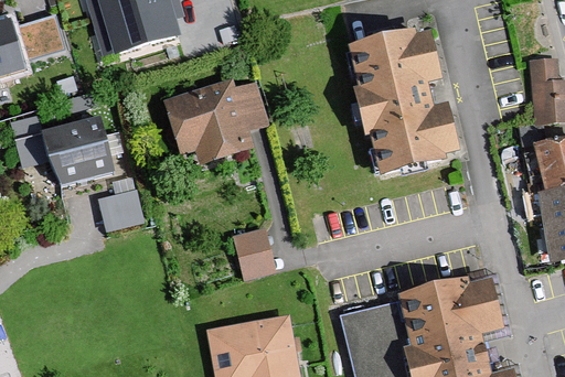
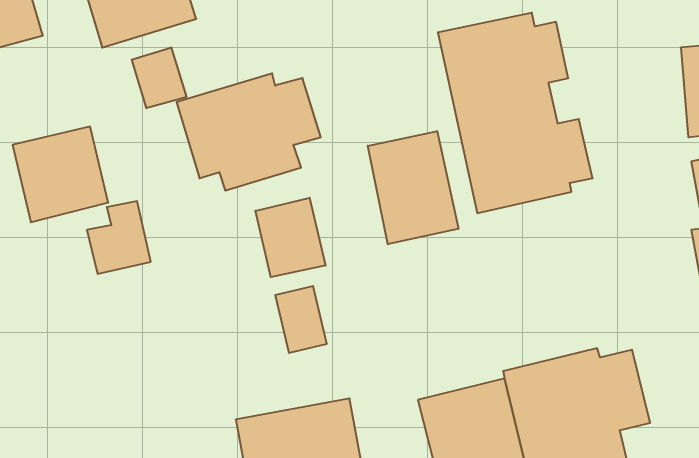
building: none -> [132,47,186,108]
building: none -> [368,131,458,244]
building: none -> [255,198,326,277]

